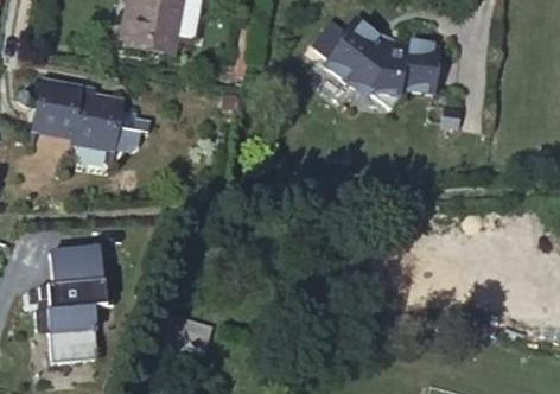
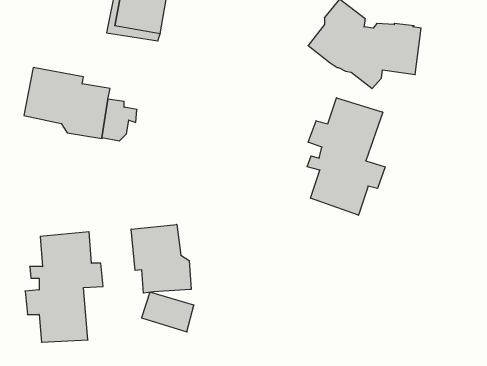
building: none -> [307,98,385,215]
building: none -> [131,224,191,293]

